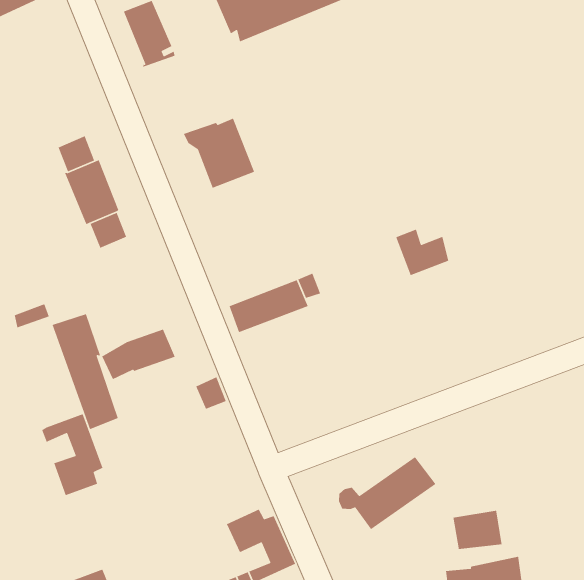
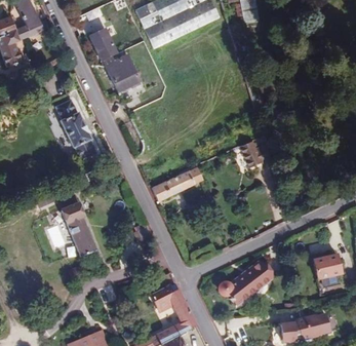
building: [183,117,255,189] -> [100,52,140,91]
building: [101,329,176,380] -> none
building: [41,413,103,496] -> none
building: [453,510,503,550] -> [313,255,341,277]

